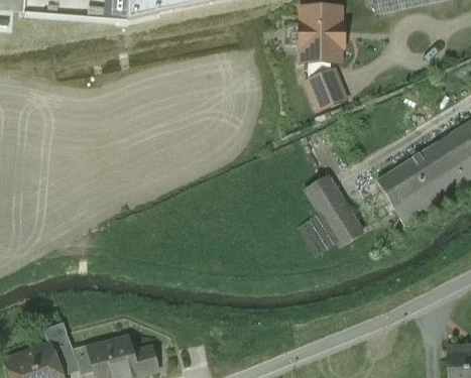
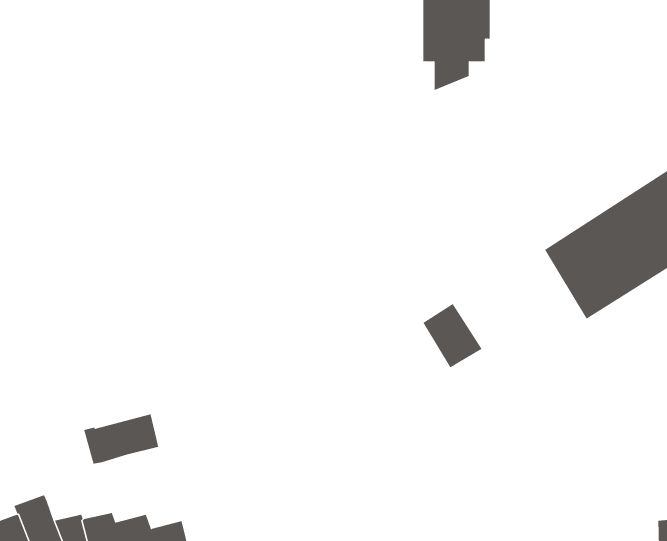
building: [308,68,347,109] -> none
building: [306,173,362,244] -> none
building: none -> [83,414,160,465]

